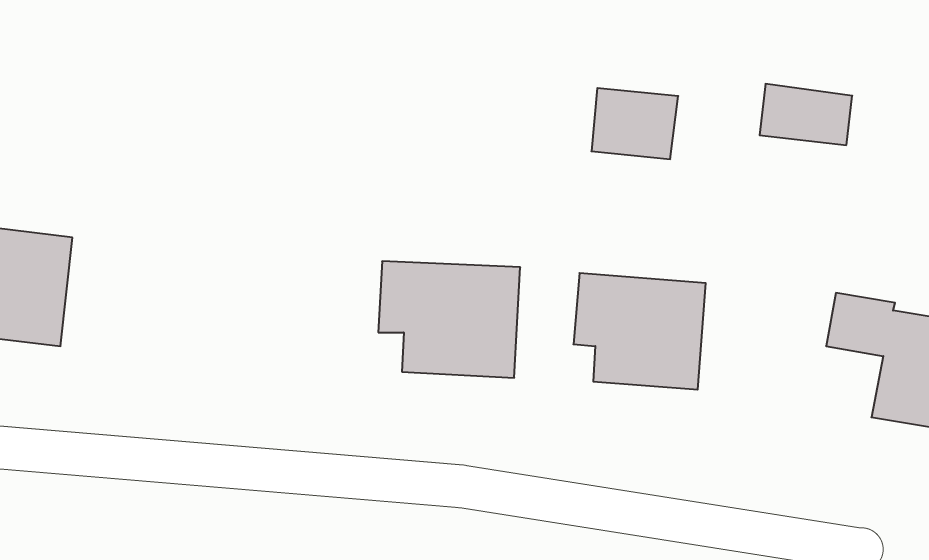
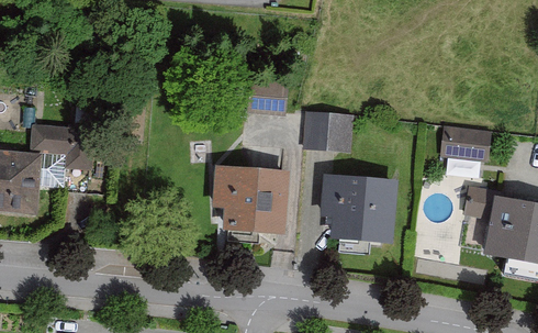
building: [760,84,852,145] -> [436,126,487,160]
building: [591,88,678,159] -> [302,111,350,151]
building: none -> [26,122,91,167]

